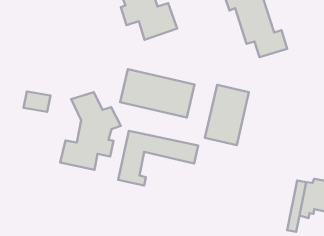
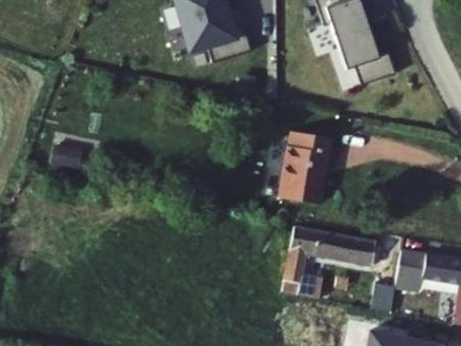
building: [120,69,195,118] -> none
building: [60,92,121,170] -> none
building: [118,131,198,185] -> [286,226,385,294]

